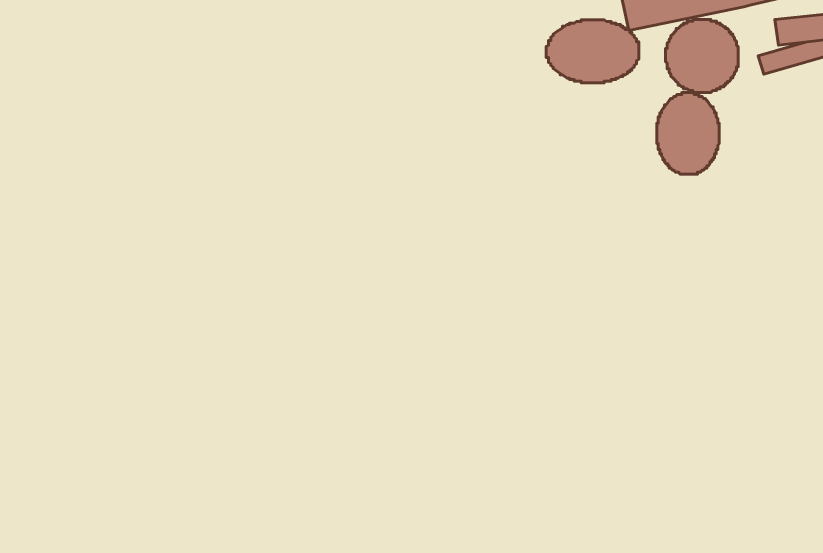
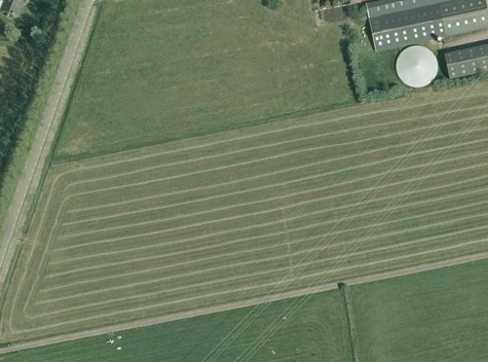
building: [546,20,639,83] -> none
building: [657,92,719,174] -> none

